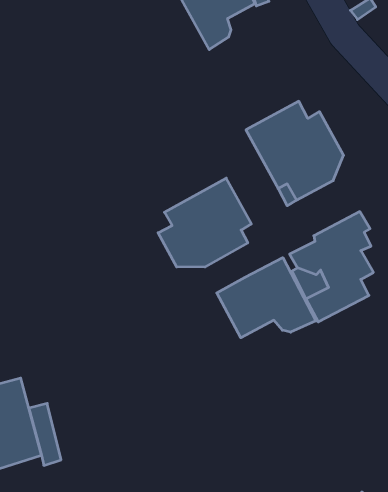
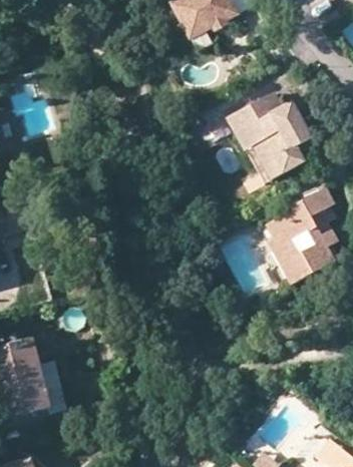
building: [158,178,251,267] -> none
building: [217,258,316,338] -> none

